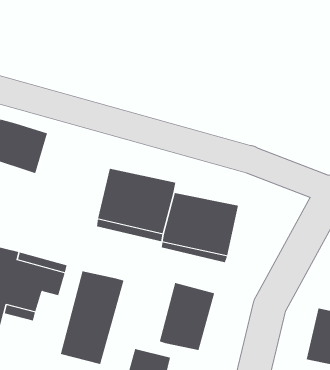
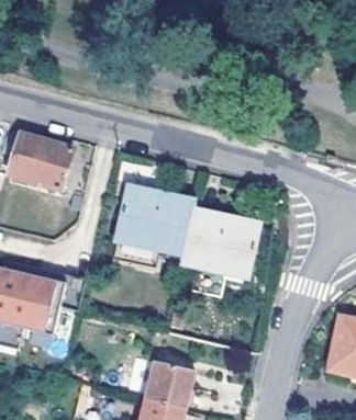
building: [60,270,124,365] -> none
building: [159,282,215,351] -> none

